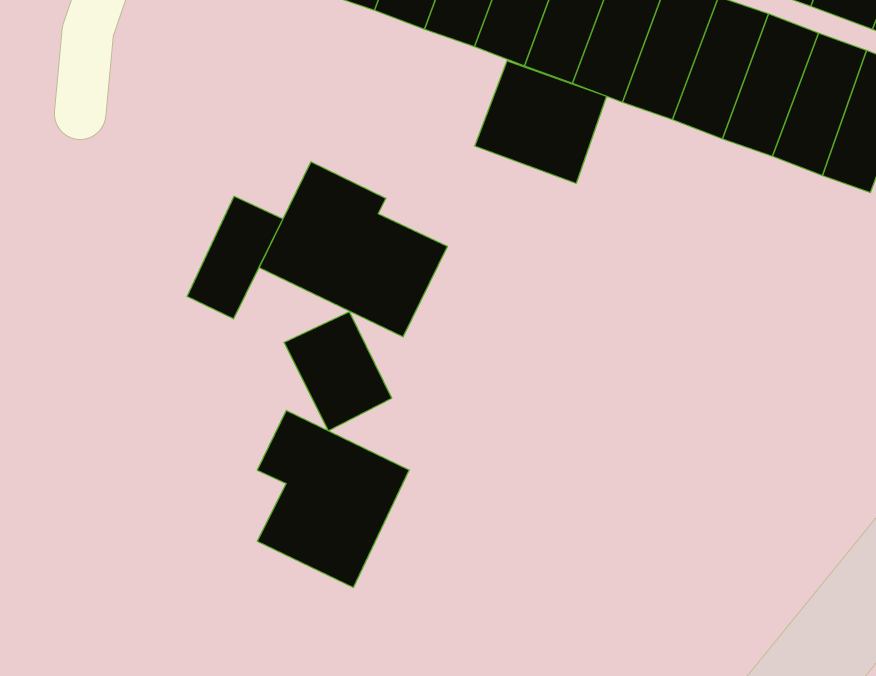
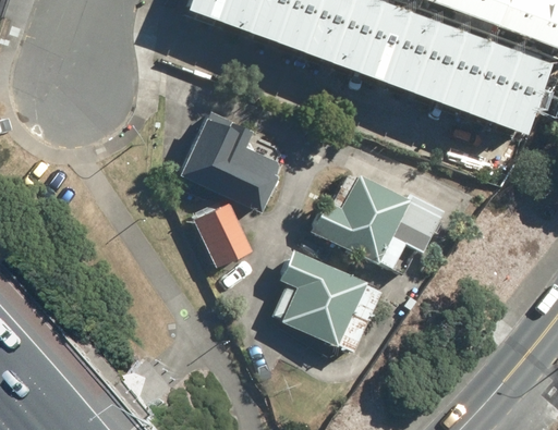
building: [475,61,606,183] -> none
building: [187,196,283,319] -> none
building: none -> [312,173,442,265]
building: [257,411,409,587] -> [281,247,367,347]

